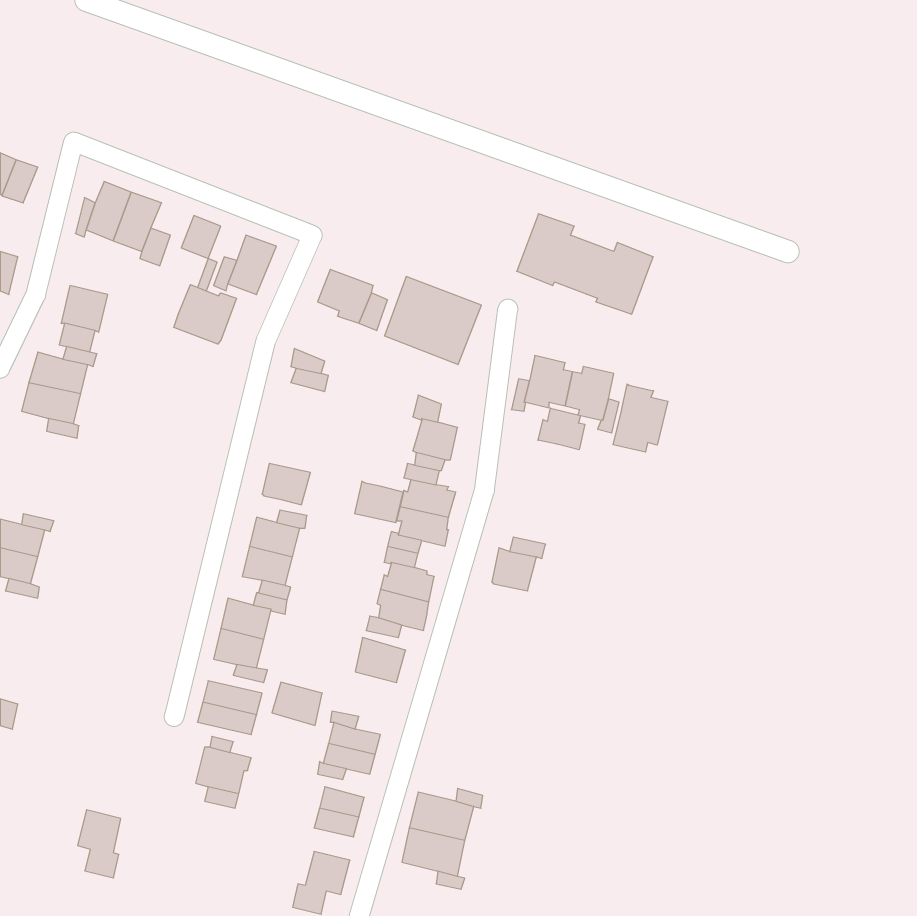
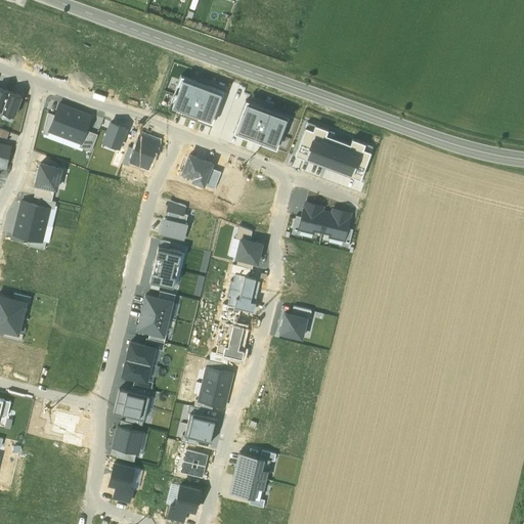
building: none -> [168,77,224,126]
building: [385,277,481,365] -> [233,100,289,150]
building: [174,285,237,344] -> none
building: none -> [161,219,187,241]
building: [613,384,668,452] -> none
building: [538,408,585,450] -> none
building: [355,481,403,523] -> [154,247,181,270]
building: [272,682,322,725] -> [198,384,226,408]
building: [78,810,121,878] -> [108,464,133,503]

